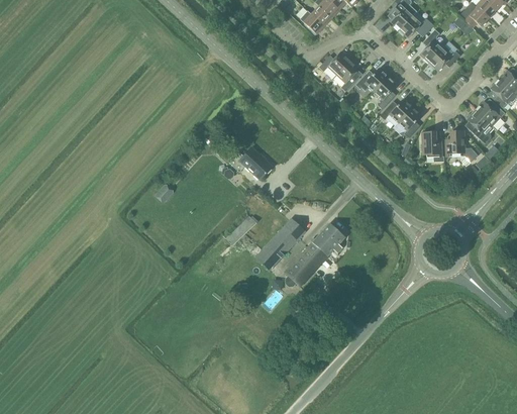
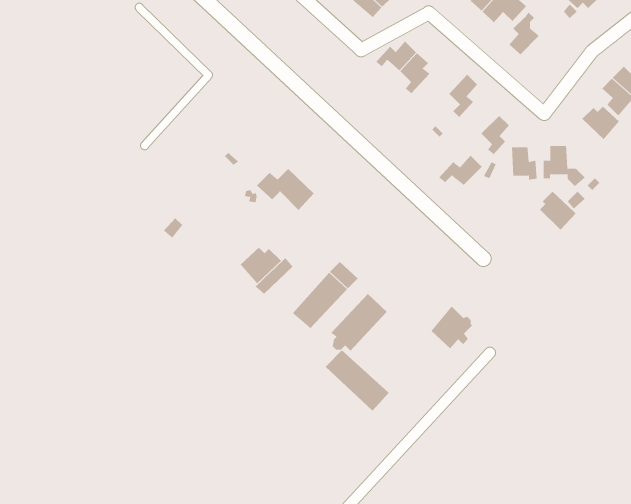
building: [429,44,460,70] -> none
building: [355,67,389,91] -> none
building: [380,98,413,121] -> [439,155,482,185]
building: [466,110,494,140] -> [539,191,576,231]
building: none -> [240,247,282,284]
building: [313,223,345,256] -> [430,305,473,349]
building: none -> [325,349,390,412]

